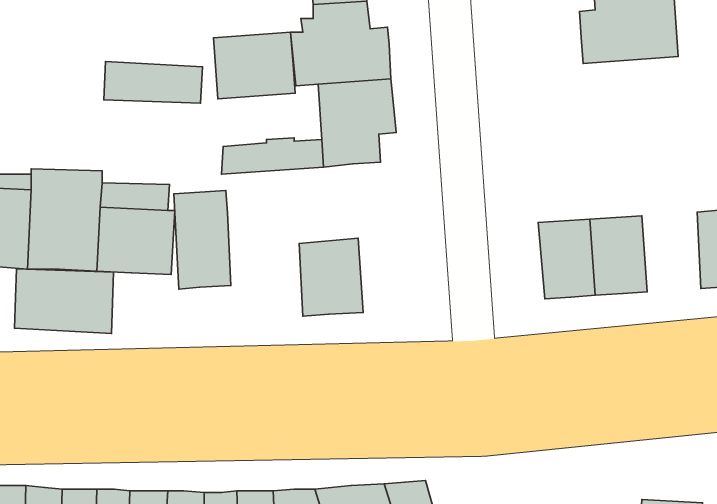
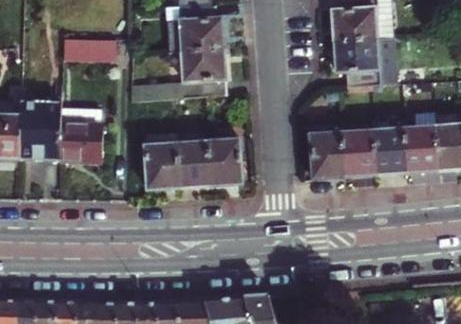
building: [213,32,295,99] -> none
building: none -> [341,38,400,88]
building: [174,190,231,289] -> [146,133,179,190]
building: none -> [375,128,409,174]
building: none -> [211,141,244,186]
building: [15,269,113,333] -> none

